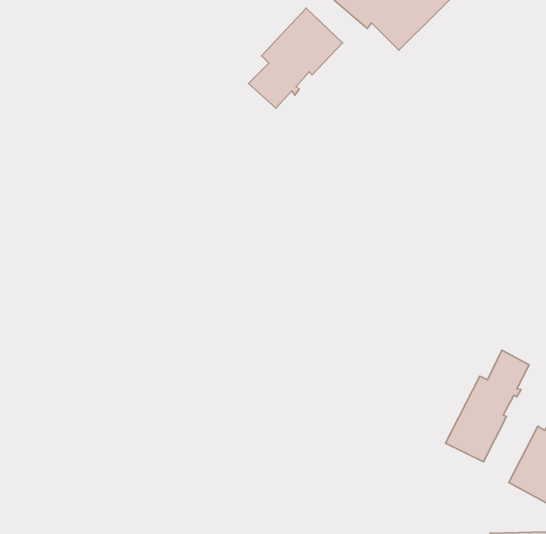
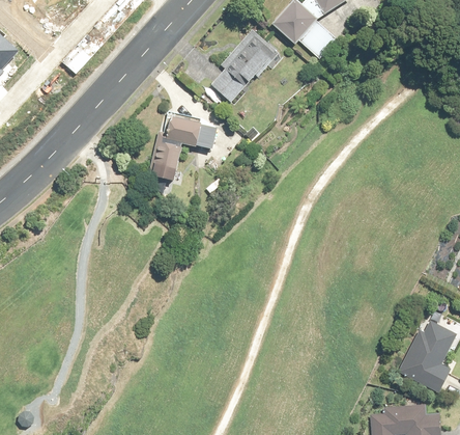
building: none -> [154,115,218,182]
building: [445,350,529,462] -> none

